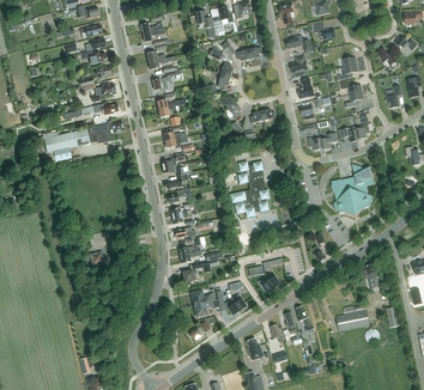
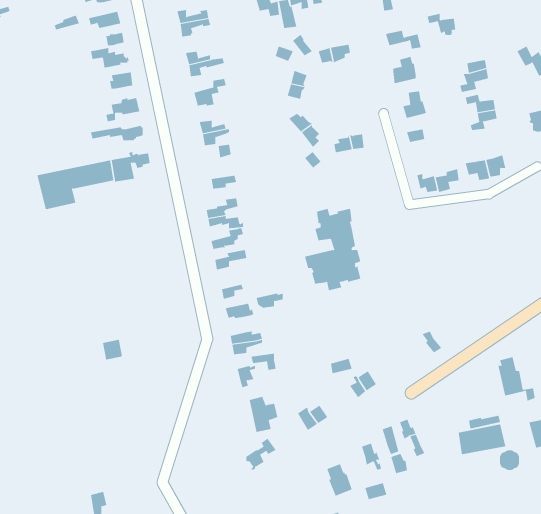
building: [332,164,375,215] -> none

